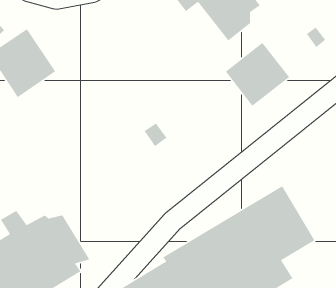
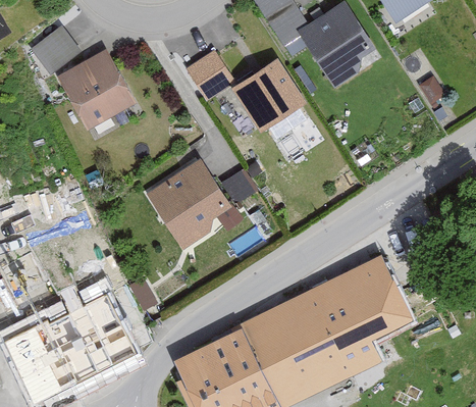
building: none -> [188,50,234,99]
building: [225,42,290,107] -> [231,59,305,132]
building: none -> [148,161,229,249]

